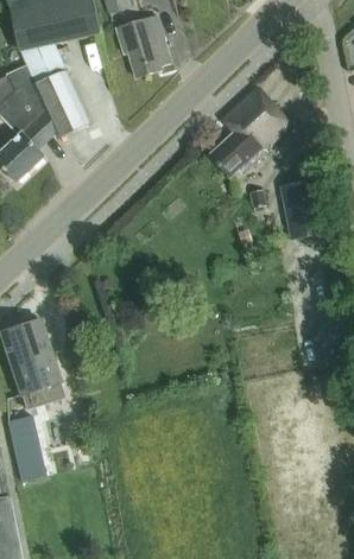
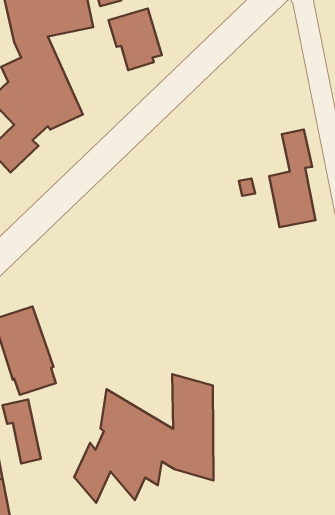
building: [208,85,291,176] -> none
building: none -> [74,374,213,503]

